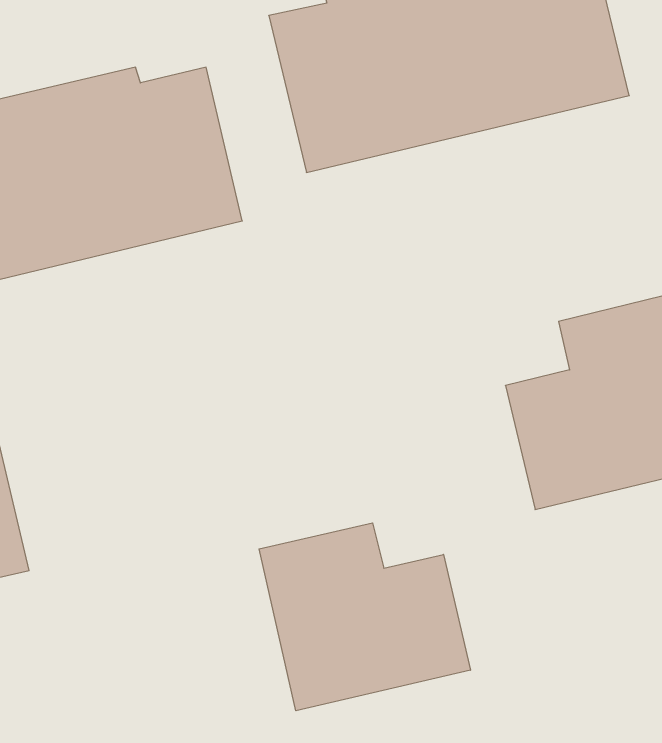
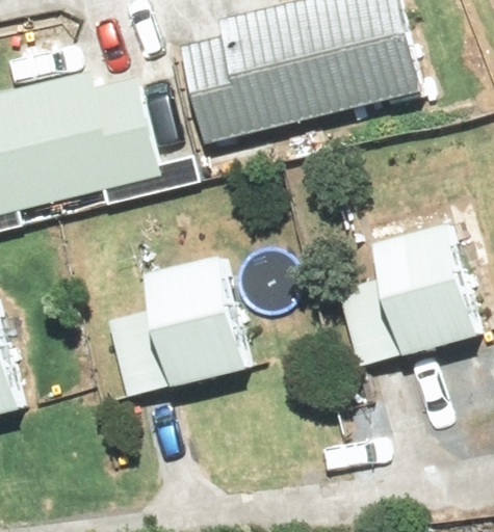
building: none -> [107,251,251,394]
building: [259,523,470,711] -> none

